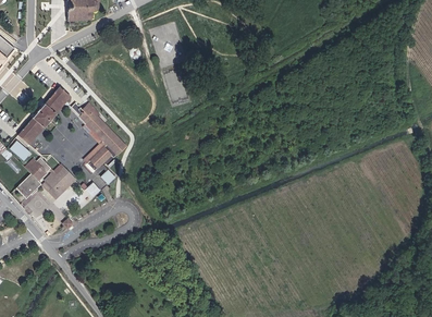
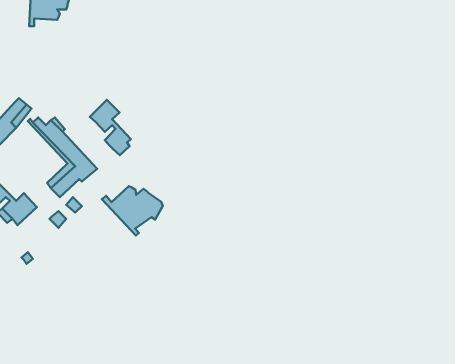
building: none -> [90,100,131,155]
building: none -> [102,186,163,235]

